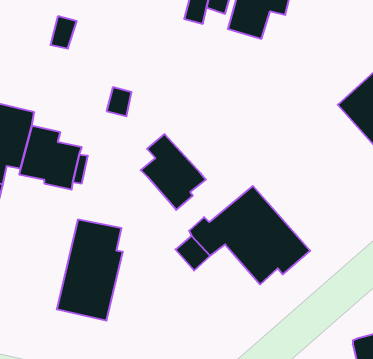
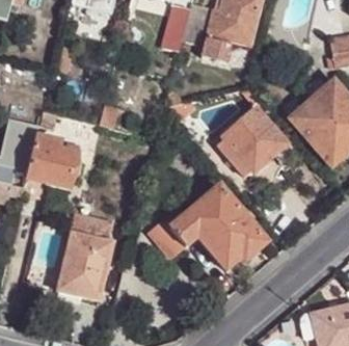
building: none -> [222,107,287,170]
building: [141,134,206,210] -> none

